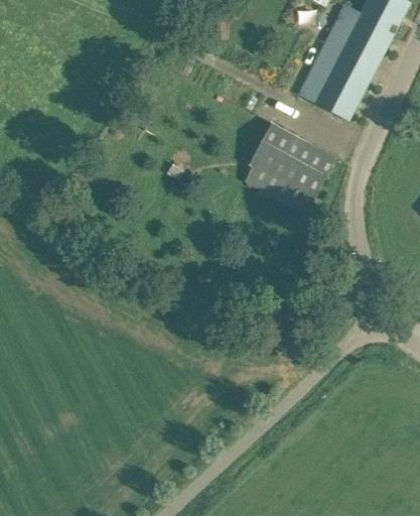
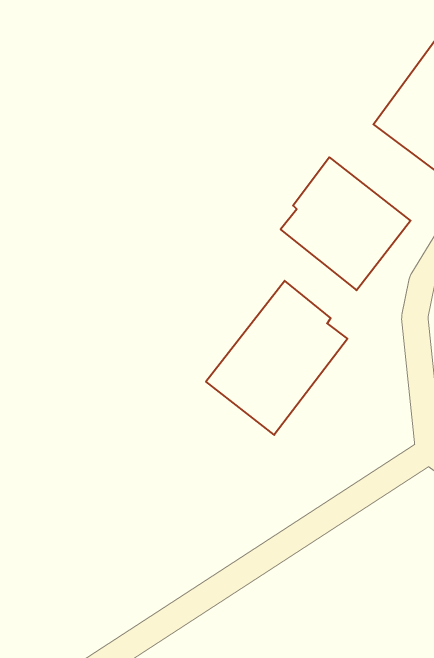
building: none -> [206,281,347,435]

